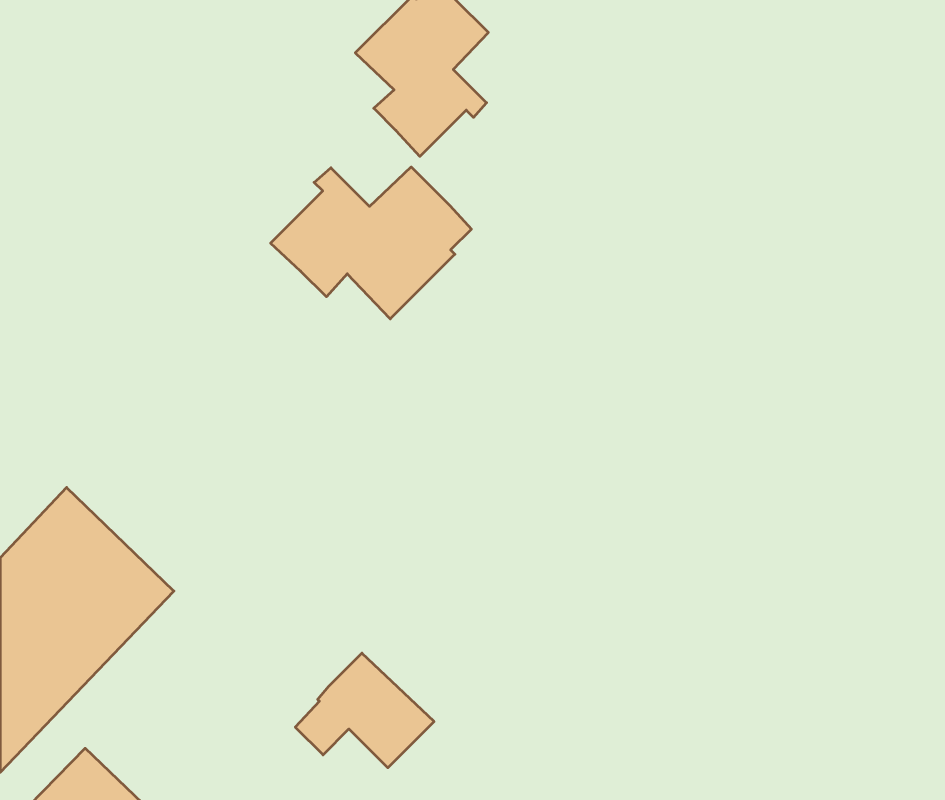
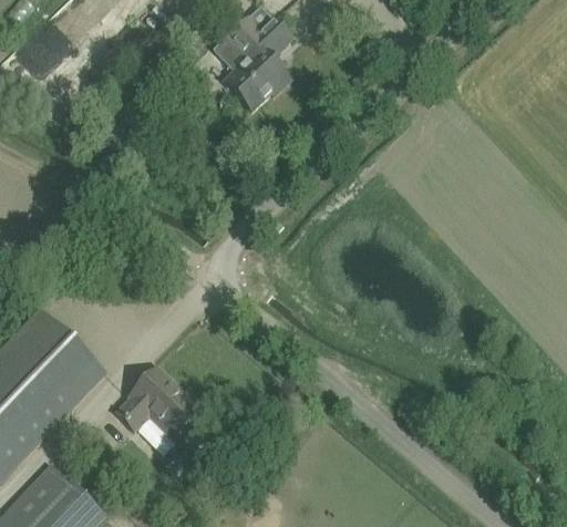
building: [271,167,471,319] -> none
building: [295,653,434,768] -> [117,369,200,437]

